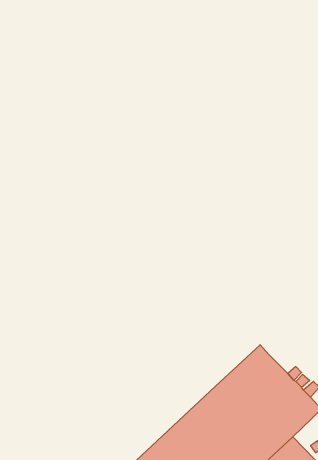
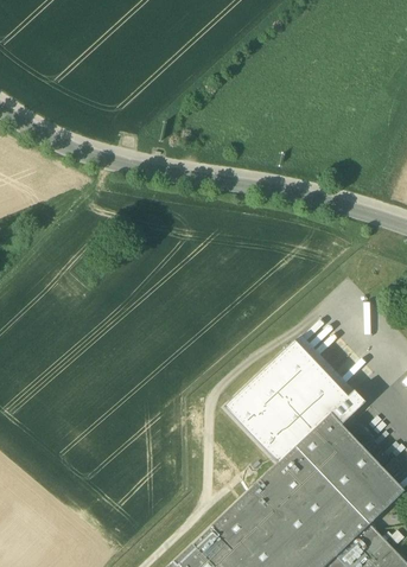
building: none -> [225,342,367,465]

